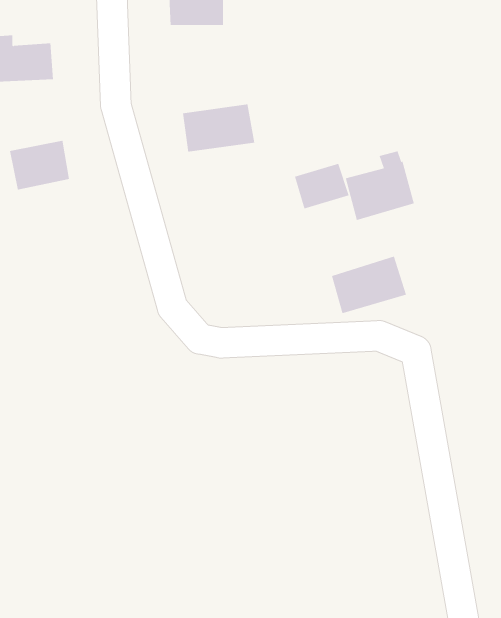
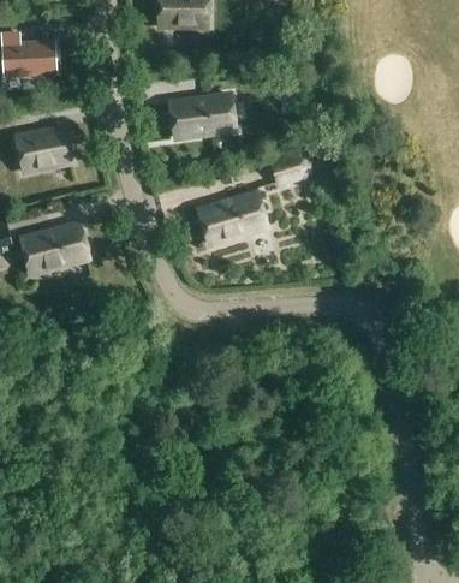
building: [345,150,414,221] -> none
building: none -> [22,224,89,274]
building: [331,256,407,314] -> [199,192,267,244]

